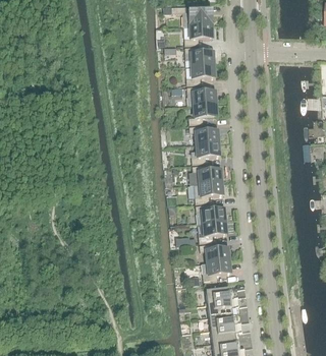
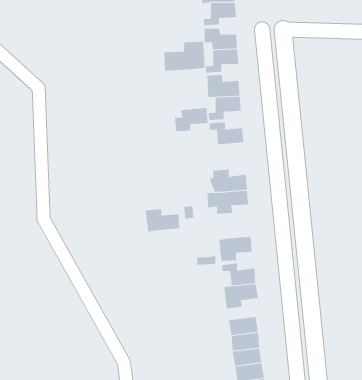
building: none -> [164,41,205,72]
building: [191,141,219,162] -> [174,107,208,132]
building: [195,203,224,223] -> [145,209,180,232]

